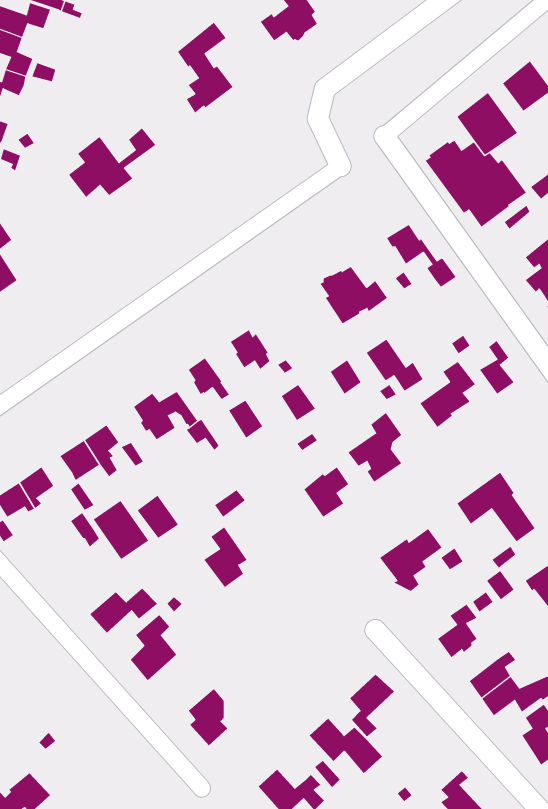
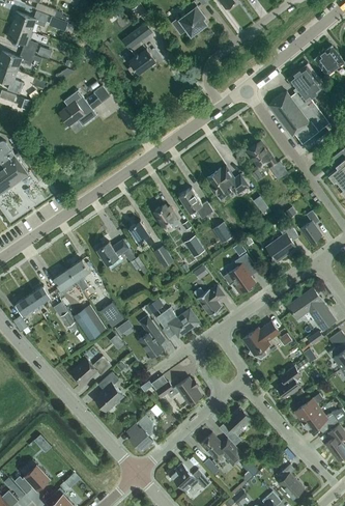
building: [366,339,424,392] -> [179,188,213,219]
building: none -> [156,308,200,338]
building: none -> [152,375,202,404]

